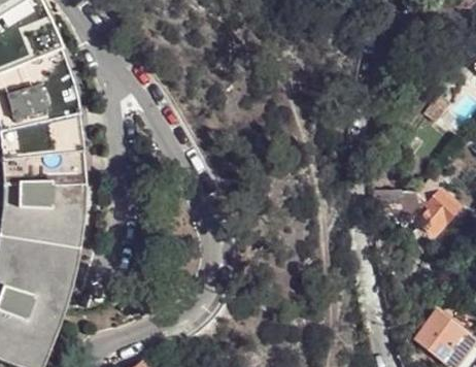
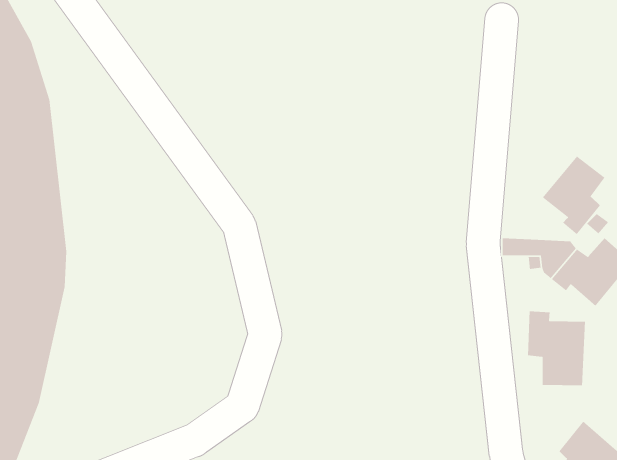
building: none -> [542,155,606,235]
building: none -> [527,310,586,386]

